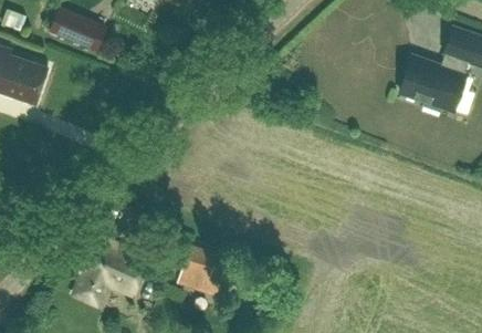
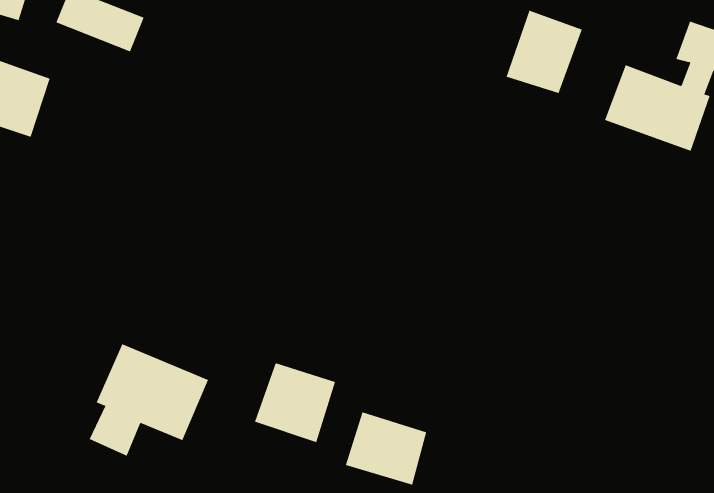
building: none -> [506,10,583,94]
building: none -> [345,412,427,486]

